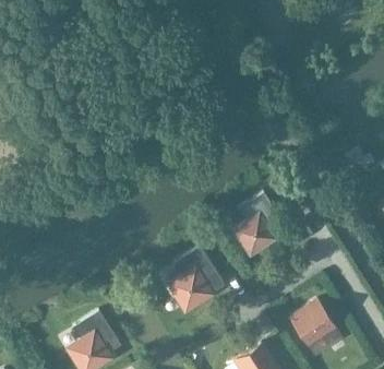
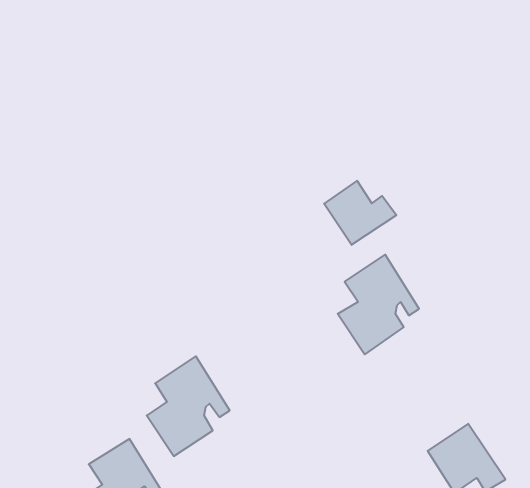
building: none -> [324,181,396,245]
building: [168,247,221,311] -> [147,356,230,456]

